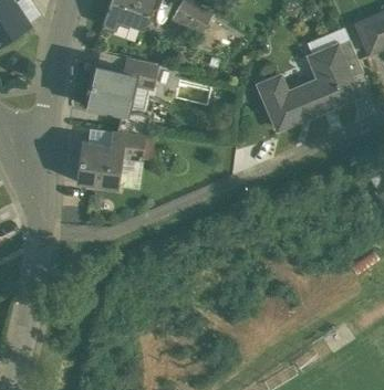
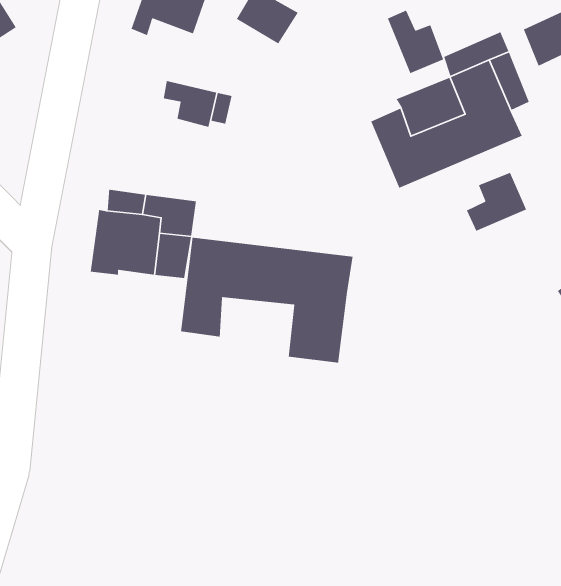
building: none -> [387,9,444,74]
building: [85,64,134,112] -> none
building: none -> [466,172,527,232]
building: none -> [180,237,353,364]

